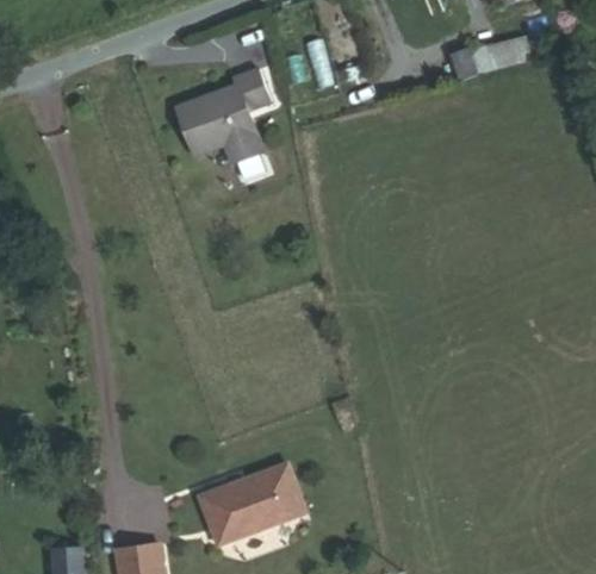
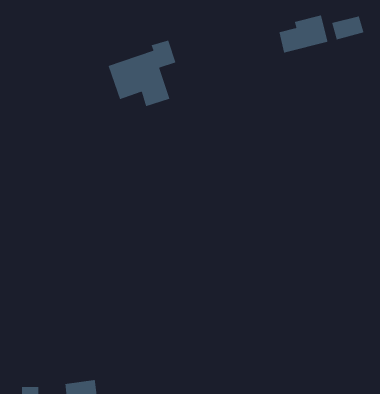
building: [199,461,306,543] -> none

